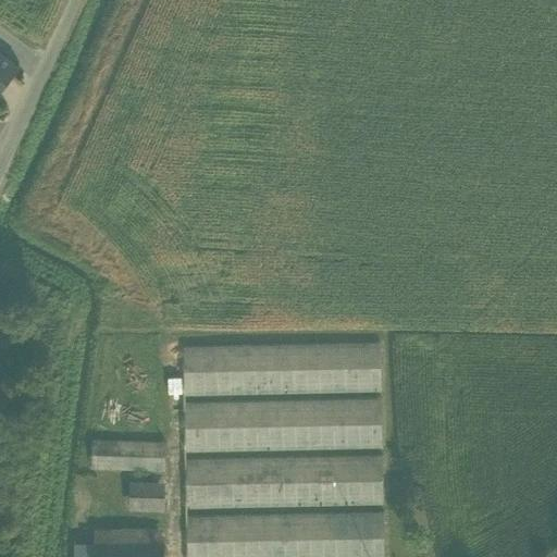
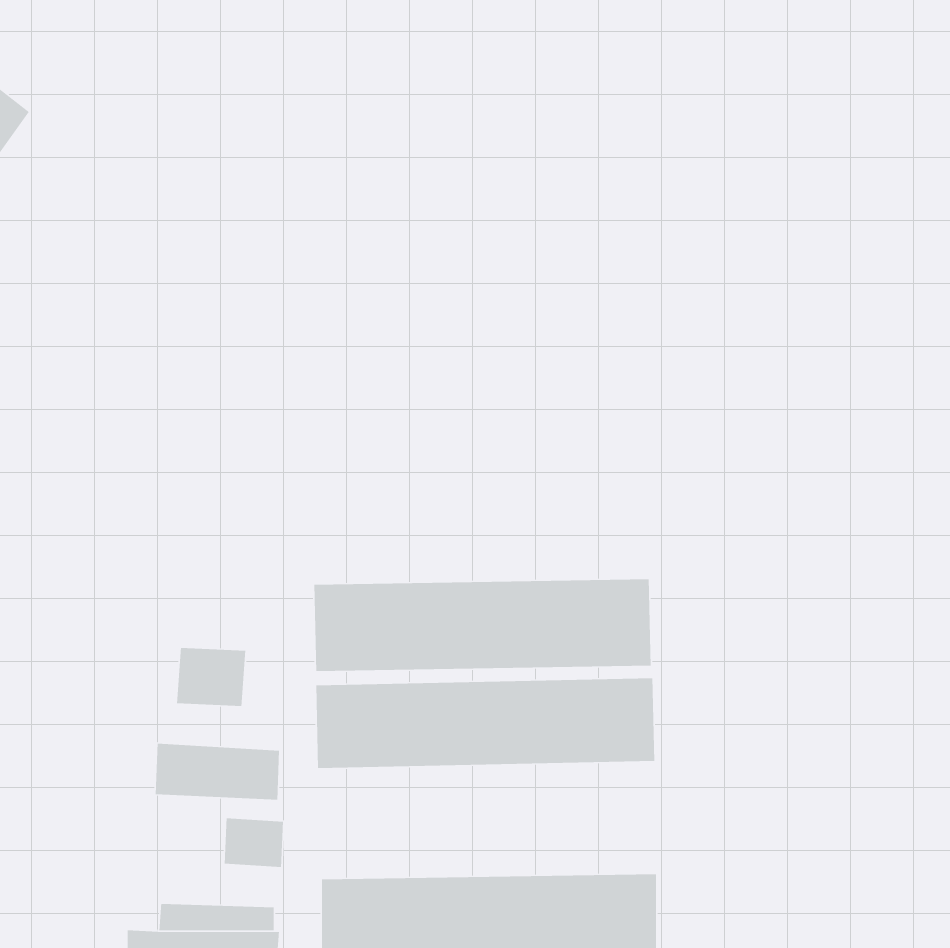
building: none -> [176,647,246,707]
building: [185,455,383,510] -> none

